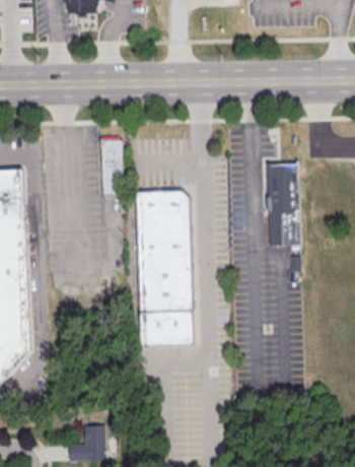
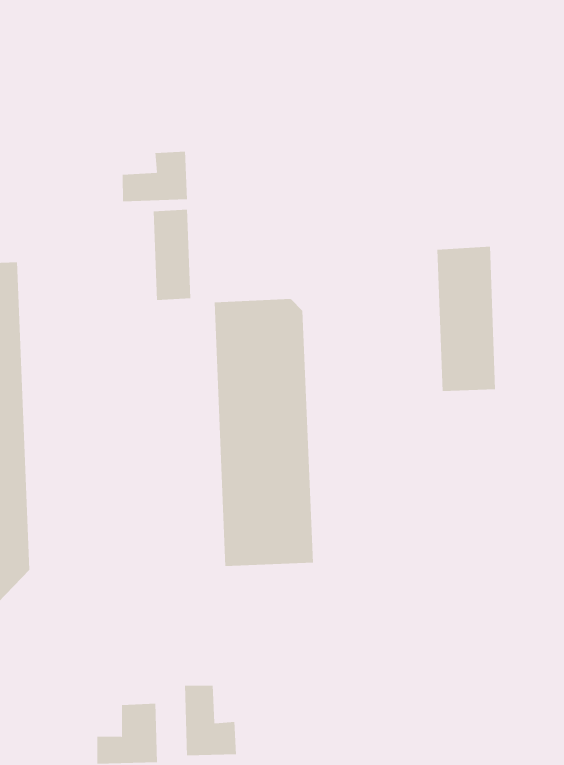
building: none -> [122,151,187,202]
building: none -> [184,685,237,756]

